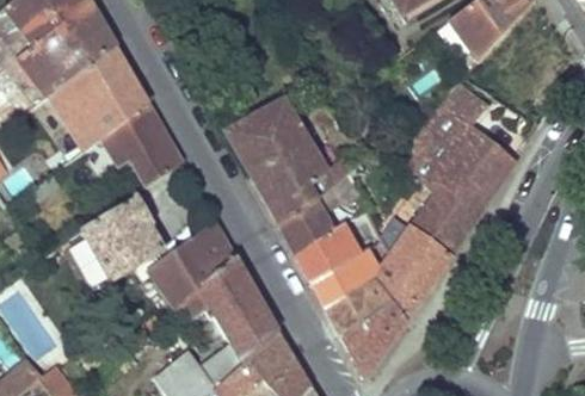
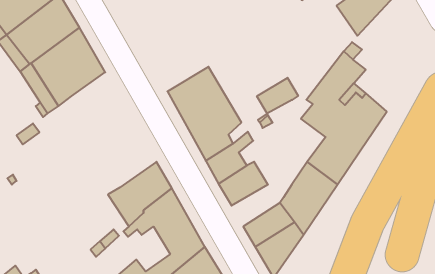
building: [104,106,181,185] -> none
building: none -> [257,78,298,113]
building: [73,197,167,285] -> none
building: [313,248,381,308] -> none

